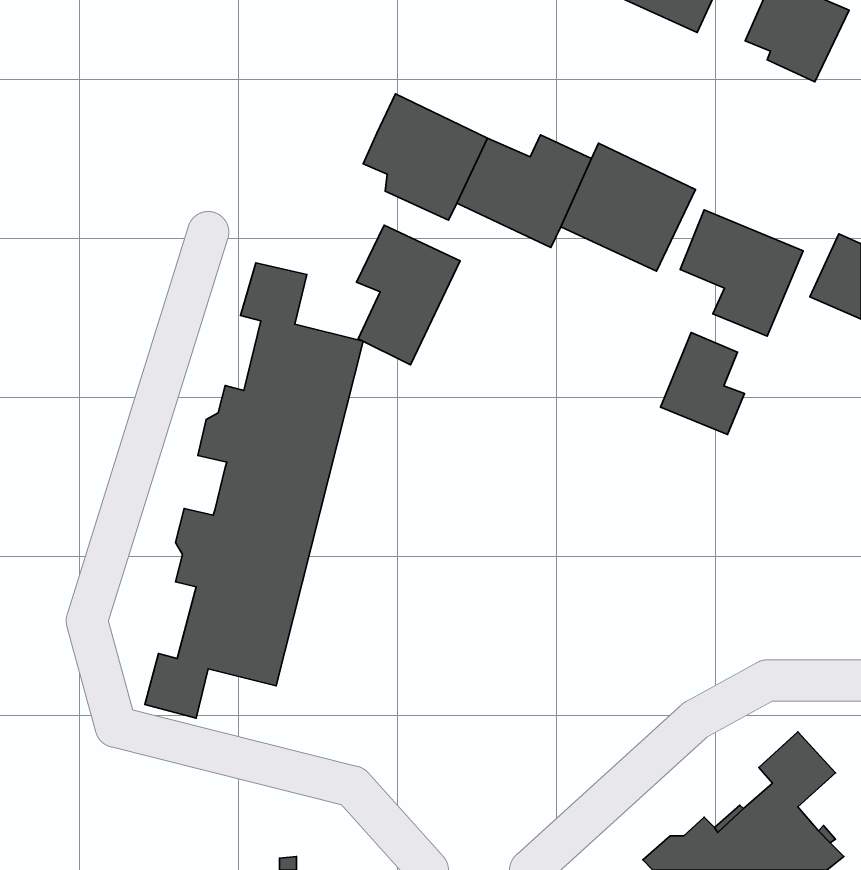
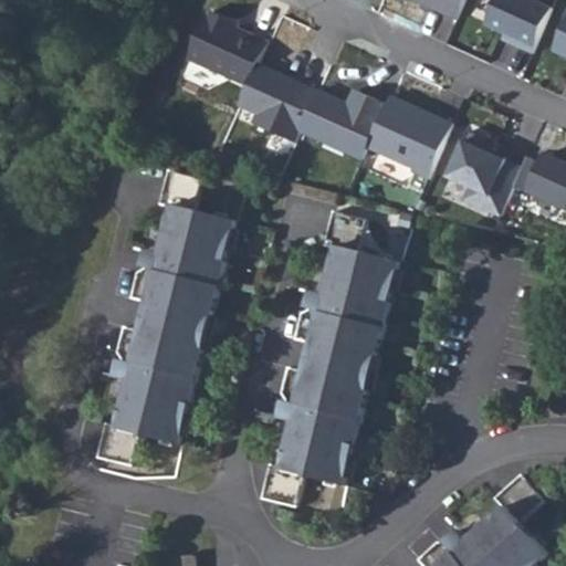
building: none -> [182,10,264,86]
building: [357,225,460,365] -> none
building: none -> [259,211,400,507]
building: [660,332,745,435] -> none

